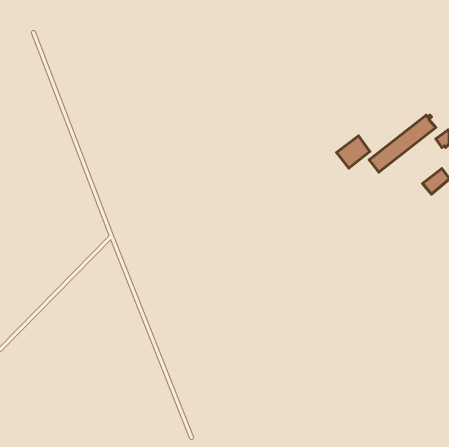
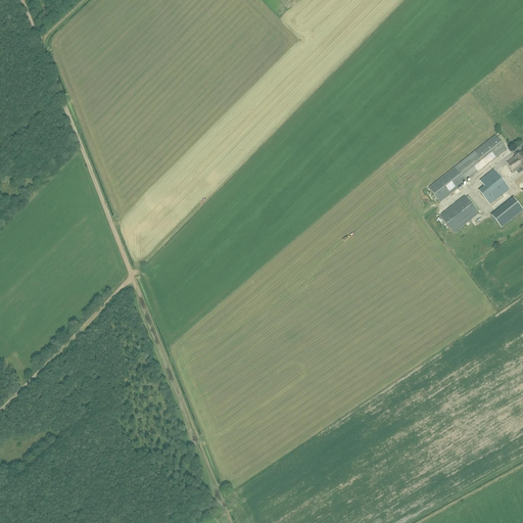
building: [336,136,370,168] -> [439,194,478,232]
building: none -> [479,168,510,202]

